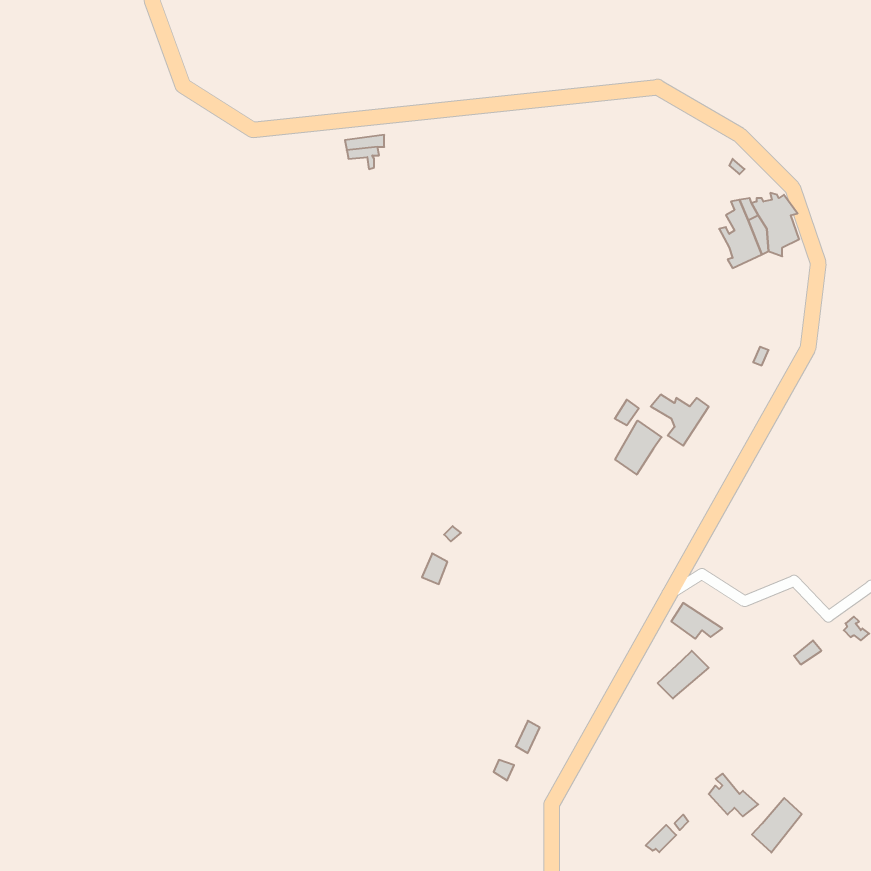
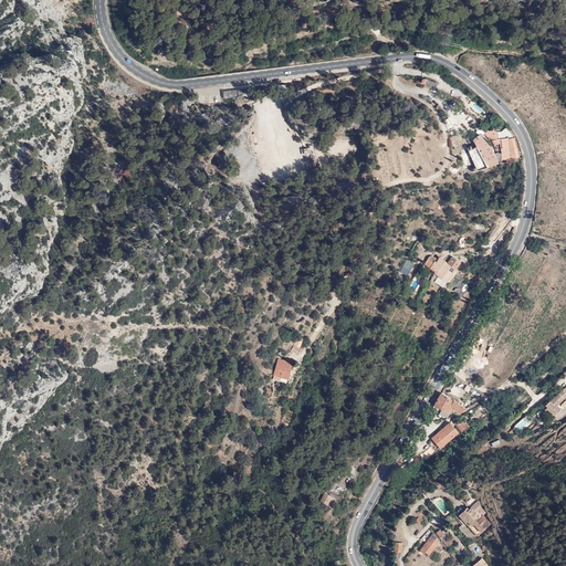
building: [615,421,662,475] -> none
building: [752,798,802,853] -> none

